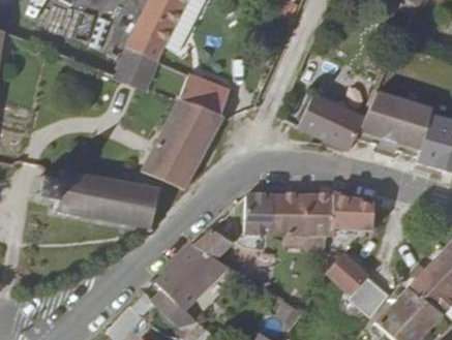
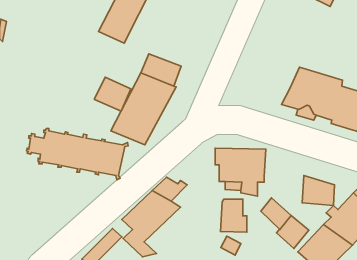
building: [113,47,158,89] -> [95,77,131,111]
building: [298,93,365,150] -> none
building: [244,192,277,234] -> [220,199,247,232]
building: [333,193,373,230] -> [302,176,334,205]

